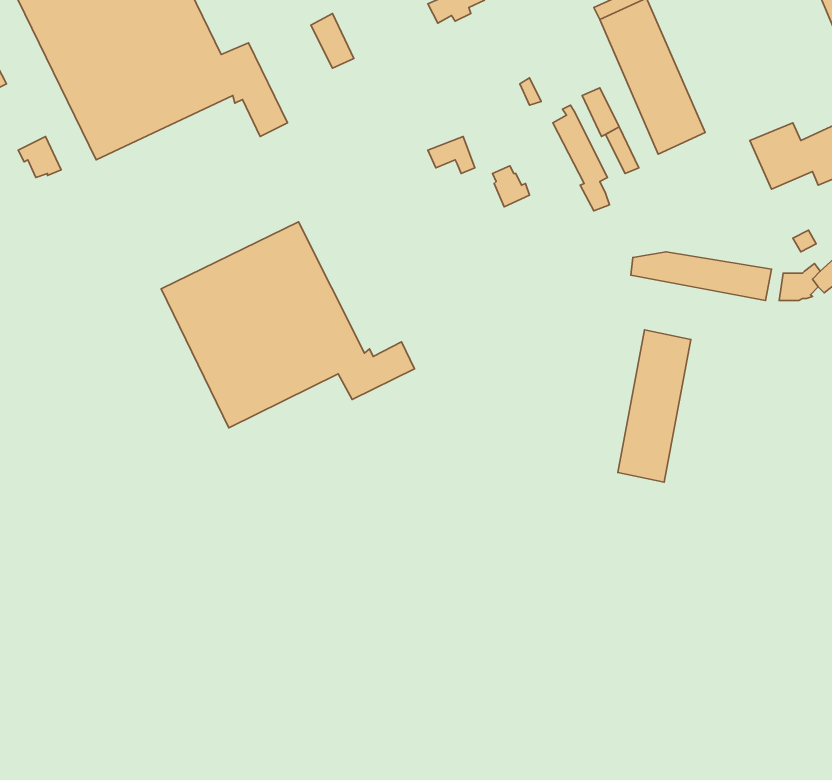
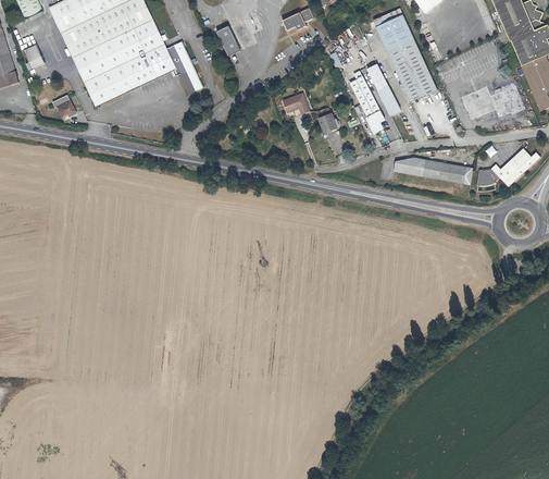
building: [161,222,415,428] -> none
building: [618,330,691,482] -> none

